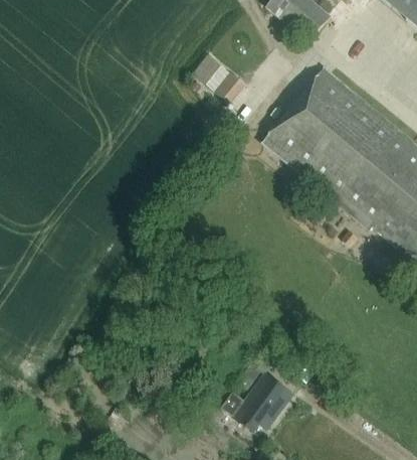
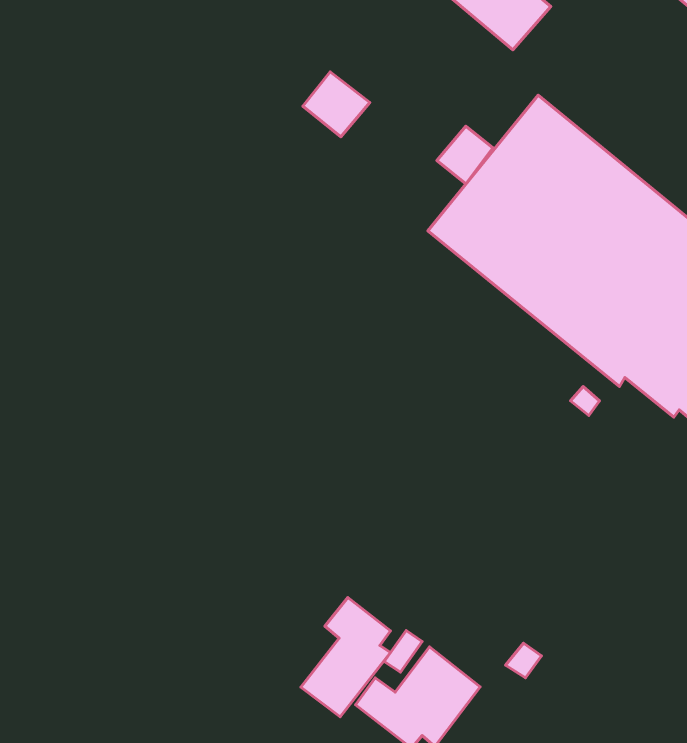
building: [214,71,245,104] -> [437,126,493,184]
building: none -> [301,598,391,717]

